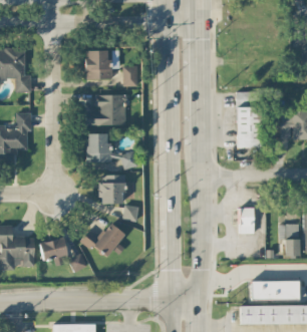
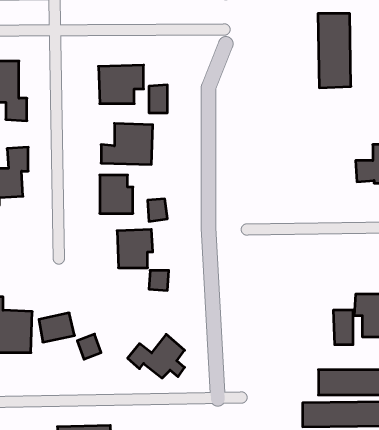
building: [237,92,262,148] -> [318,14,351,88]
building: [239,208,254,234] -> [333,310,353,345]
building: [81,223,124,256] -> [128,334,185,378]

